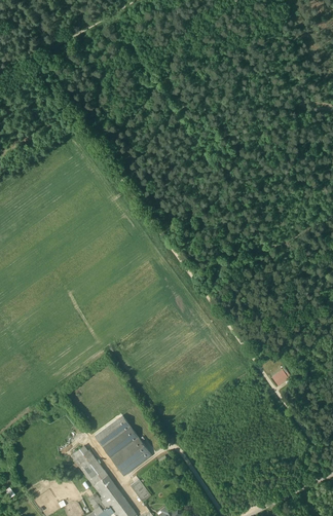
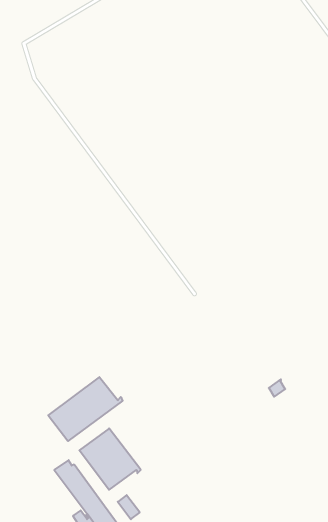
building: none -> [48,377,123,441]

